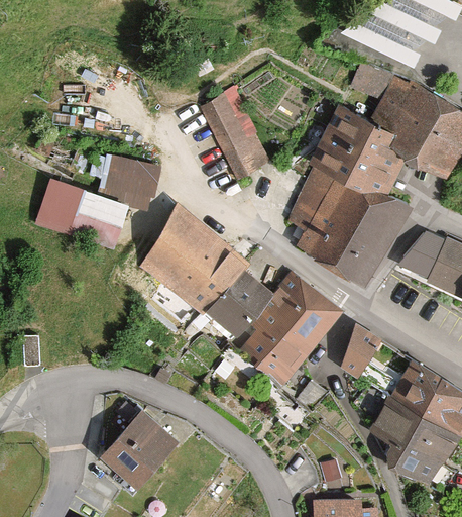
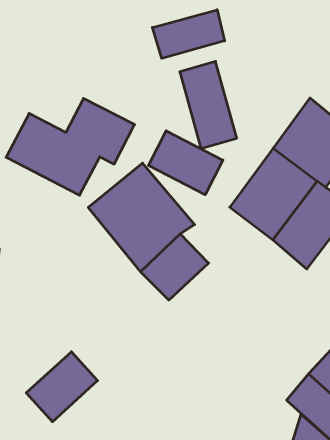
building: none -> [152,10,225,58]
building: none -> [148,131,223,195]
building: [232,274,341,388] -> none
building: [342,322,377,380] -> none

